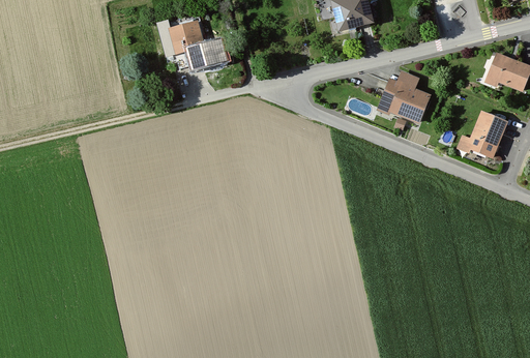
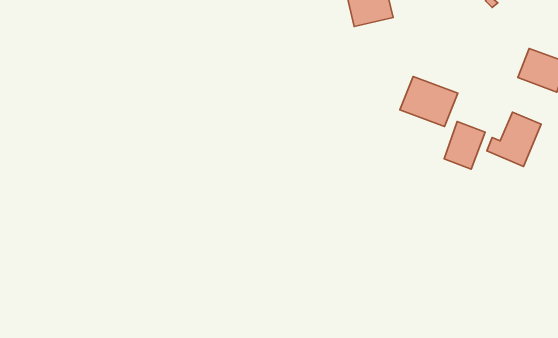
building: [167,20,228,69] -> none
building: none -> [444,122,485,169]

